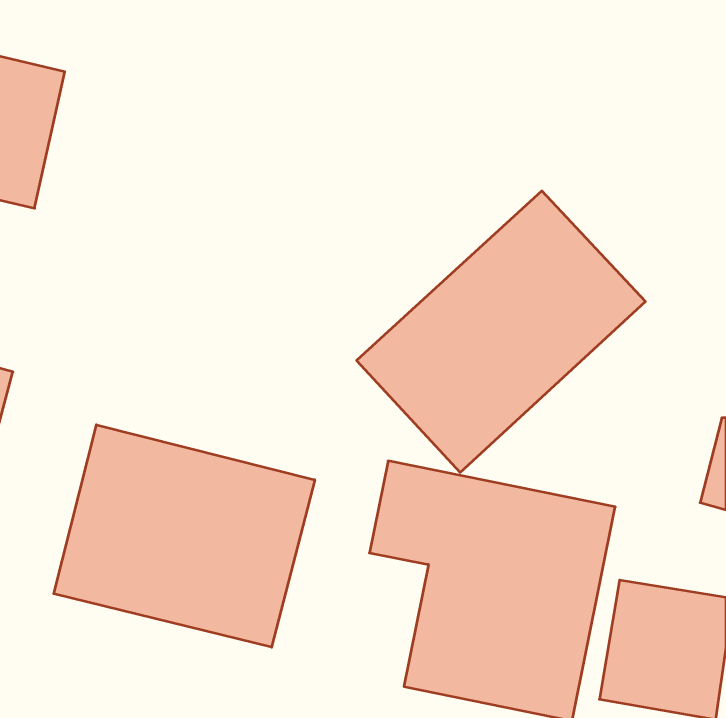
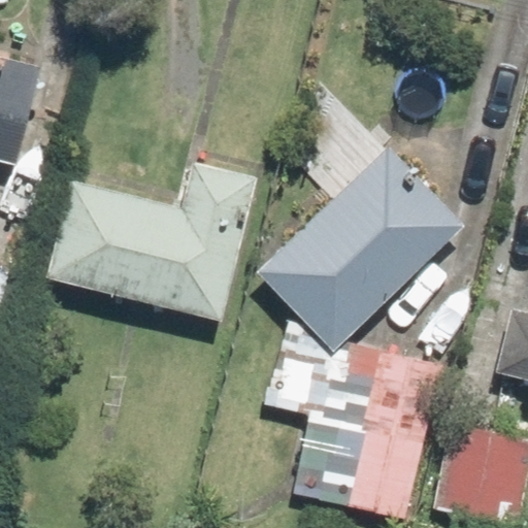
building: none -> [46,163,255,319]
building: [54,425,315,647] -> none

